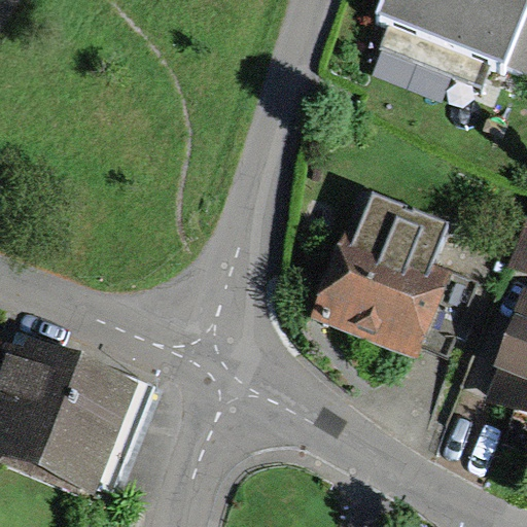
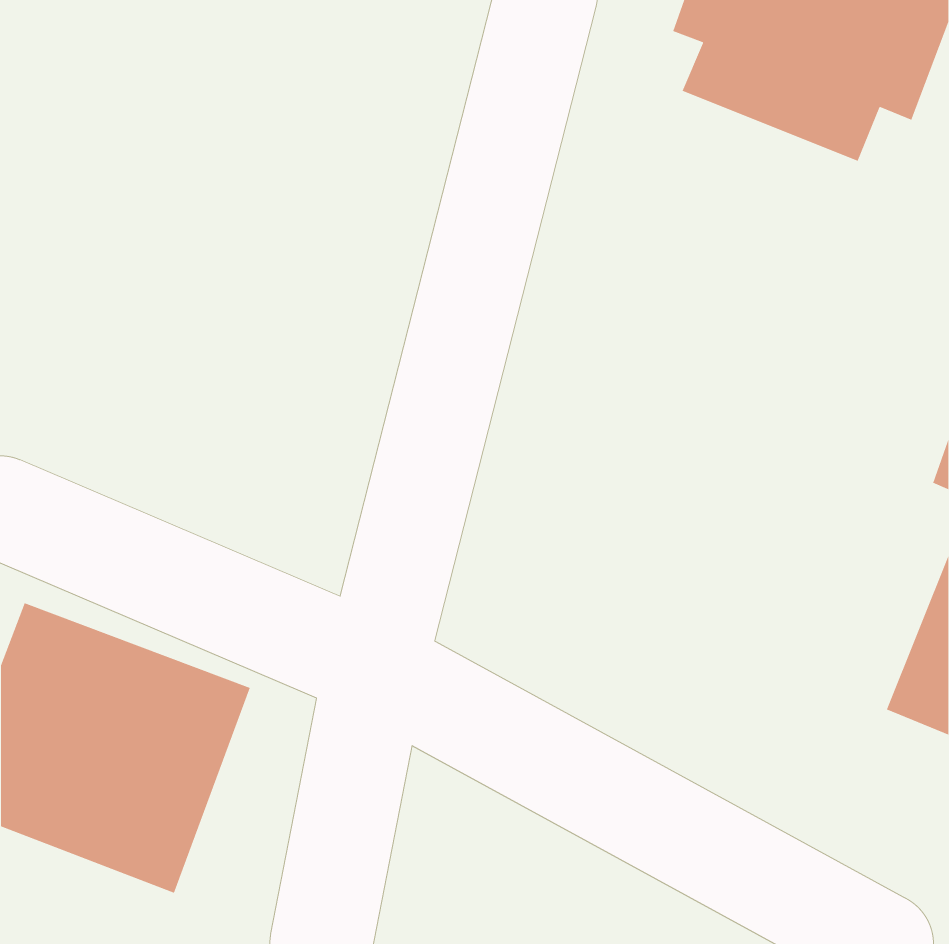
building: [312,192,453,357] -> none

